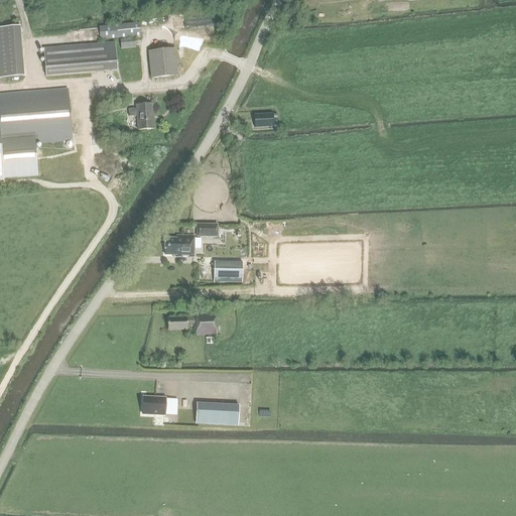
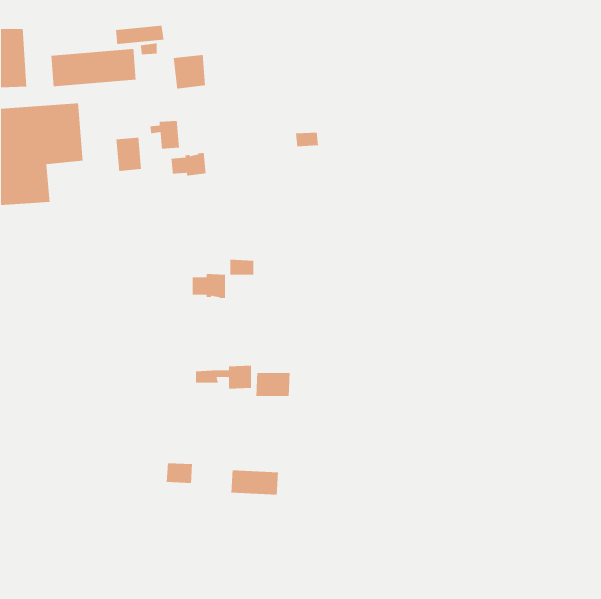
building: none -> [116,137,142,172]
building: none -> [171,152,206,177]
building: [213,260,243,281] -> [255,372,291,397]

